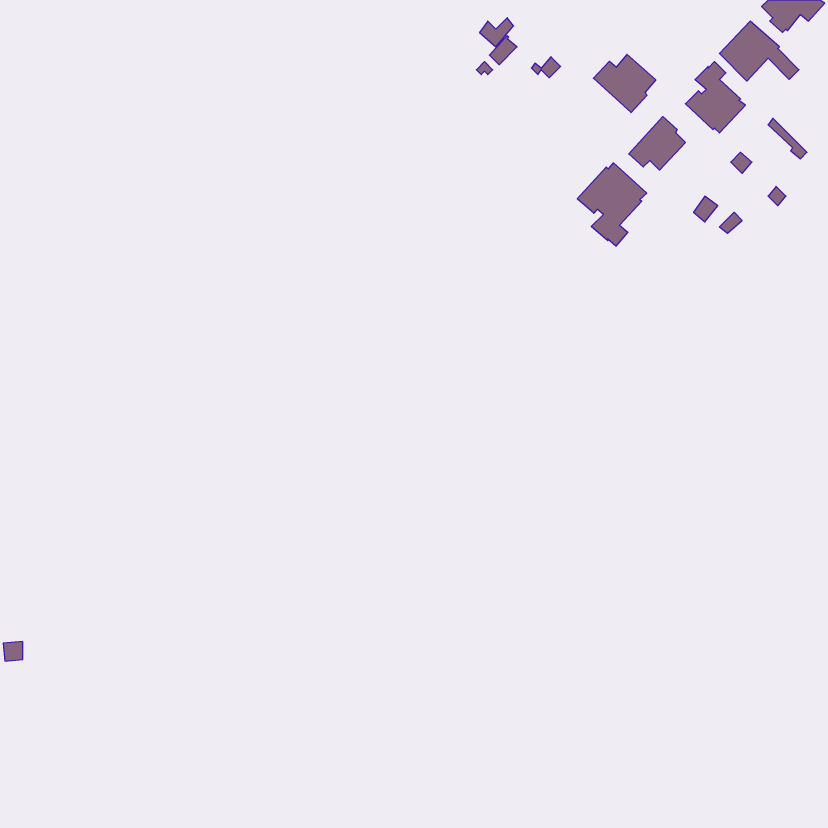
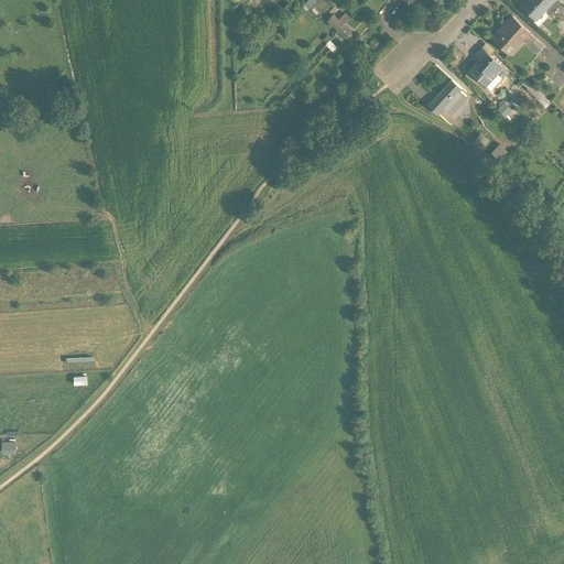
building: [593,54,656,113] -> none
building: [577,163,647,246] -> none

